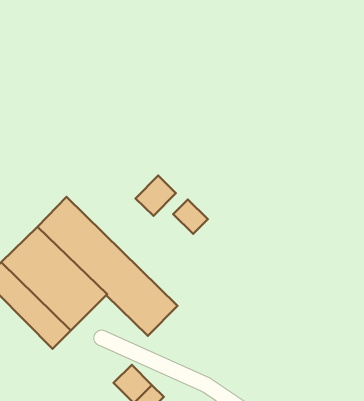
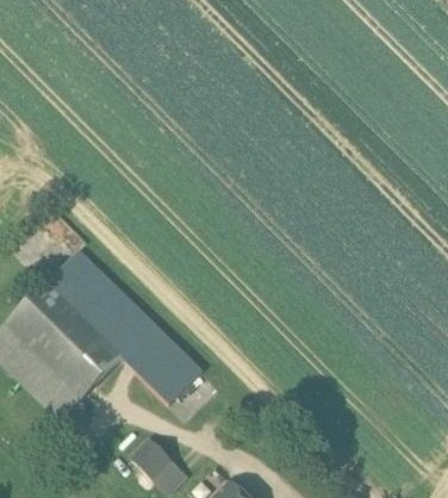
building: [136,176,176,216] -> none
building: [173,200,208,234] -> none

